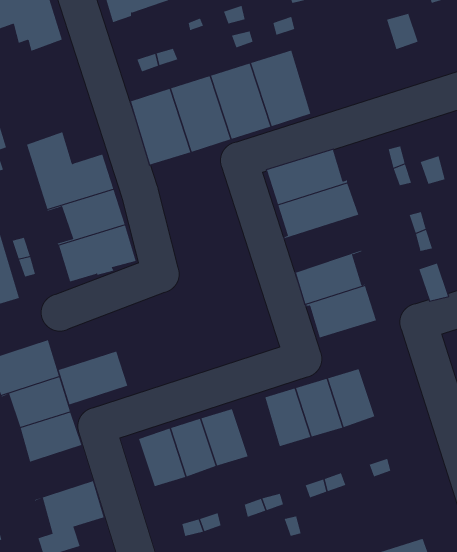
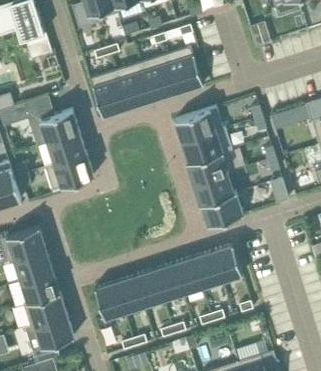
building: none -> [185,149,234,185]
building: [58,351,128,405] -> [22,293,66,327]
building: none -> [153,263,182,300]

